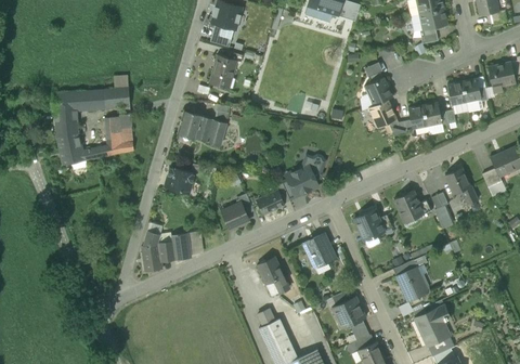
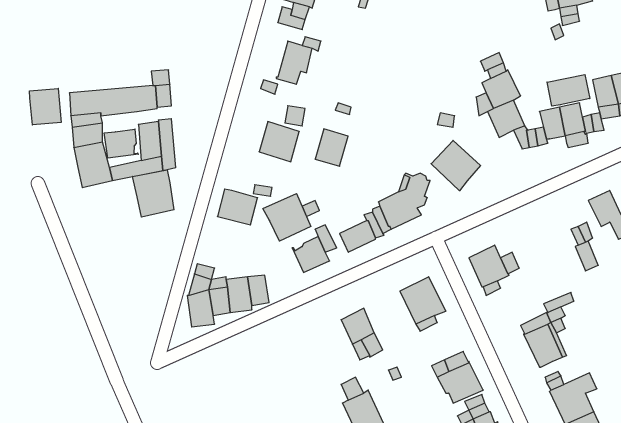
building: none -> [547,75,590,106]
building: none -> [30,88,61,125]
building: [178,110,203,139] -> [315,129,348,166]
building: none -> [104,129,138,158]
building: none -> [431,140,481,191]
building: none -> [133,170,174,217]
building: none -> [263,194,311,241]
building: [393,191,431,219] -> none

